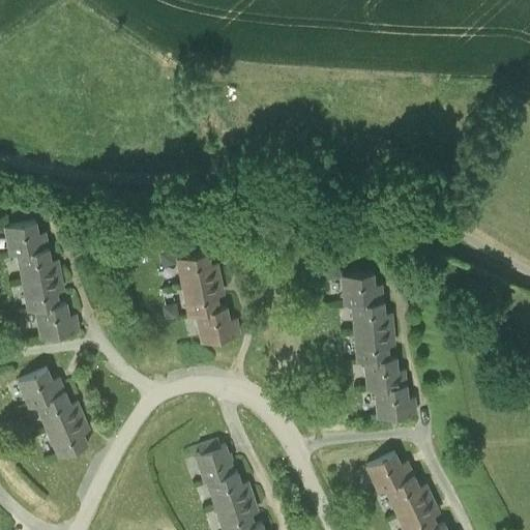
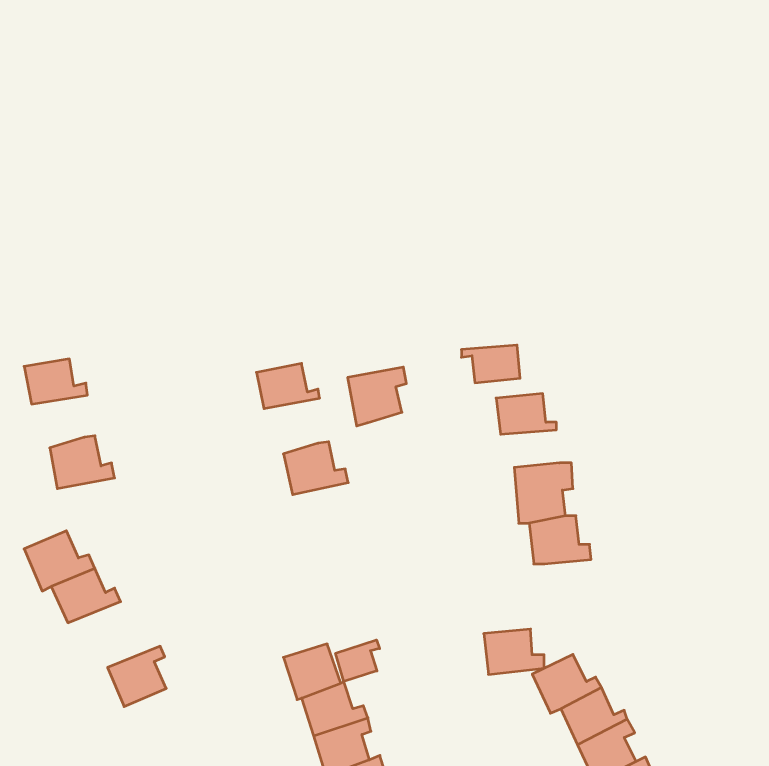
building: [5,222,49,257] -> none
building: [23,274,63,312] -> none
building: [182,276,223,317] -> [348,367,406,426]
building: [345,298,385,324] -> [461,345,520,383]
building: [375,387,416,418] -> [484,629,544,674]
building: [48,416,88,458] -> [108,646,166,707]
building: none -> [336,640,380,682]

